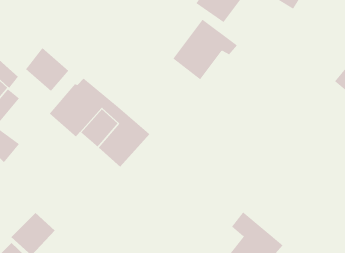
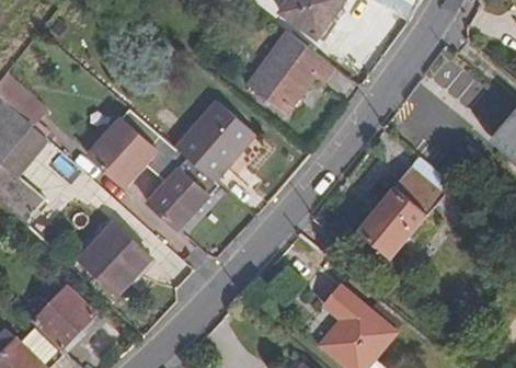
building: [25,47,69,92] -> none
building: none -> [176,101,253,181]
building: none -> [359,154,452,254]
building: none -> [79,222,150,295]

